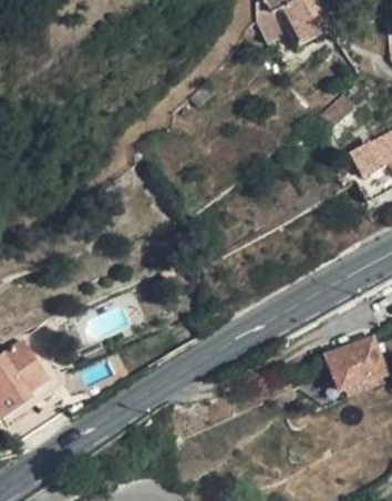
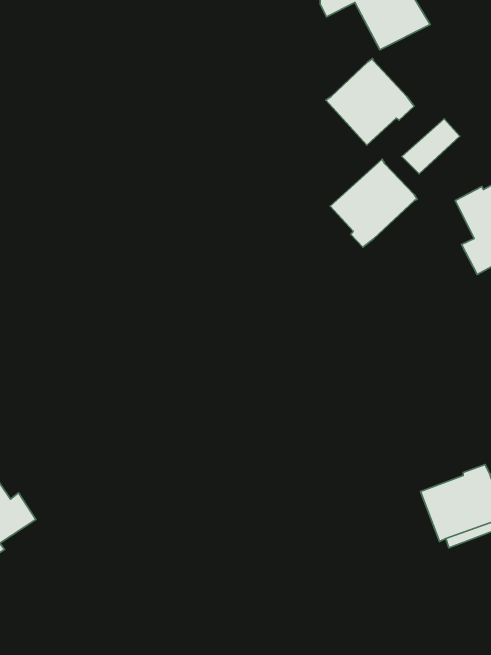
building: none -> [326,59,414,145]
building: none -> [330,159,417,247]

